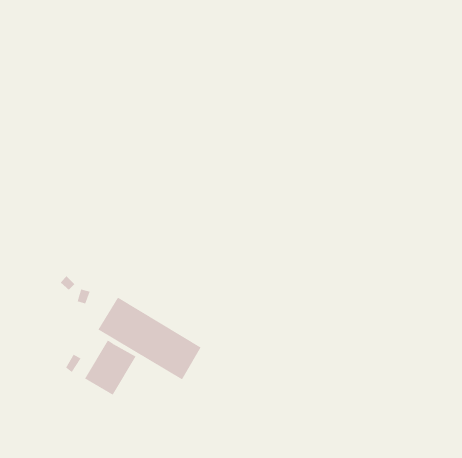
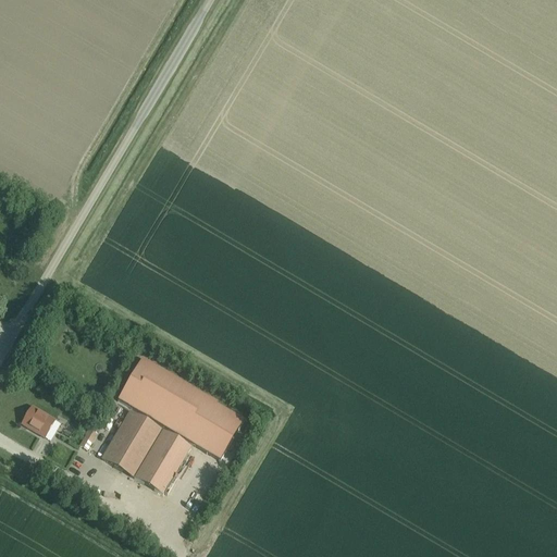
building: none -> [22,403,54,434]
building: none -> [136,429,190,491]

